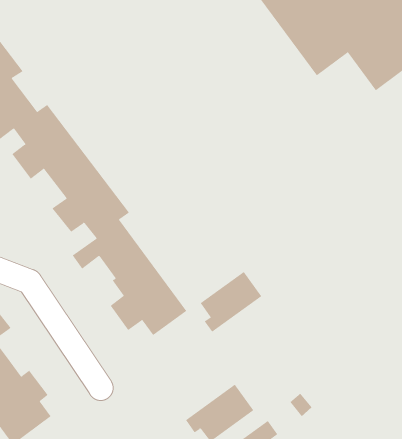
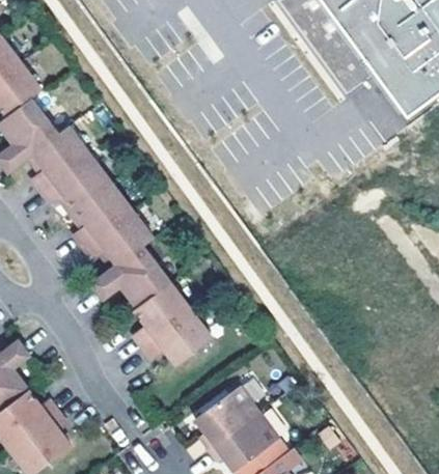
building: [200,271,262,332] -> [197,389,262,452]

